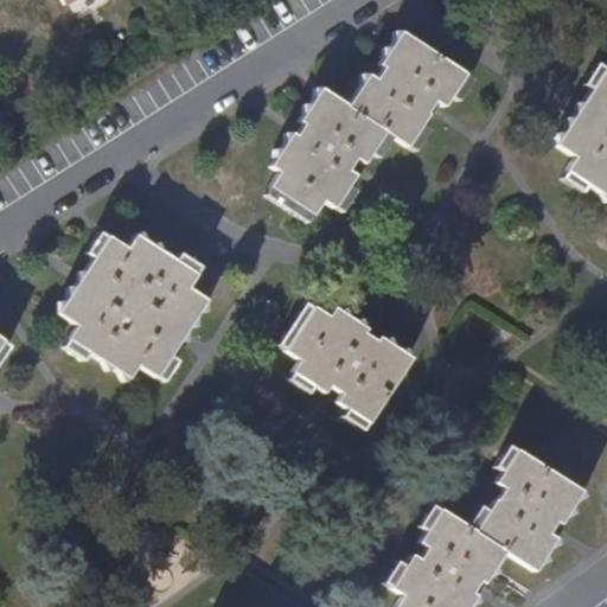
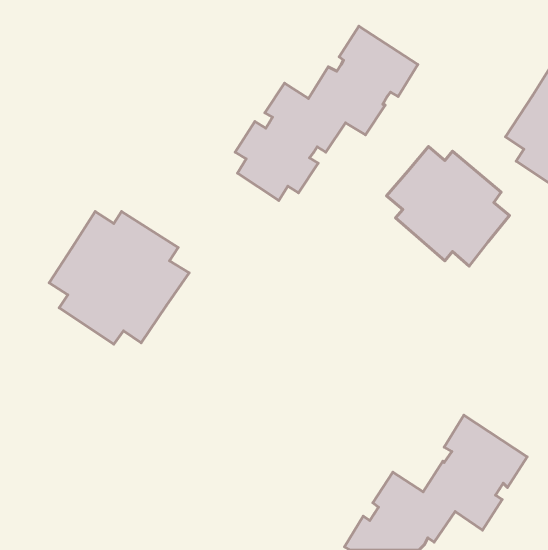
building: none -> [386,146,510,266]
building: [290,304,411,423] -> none

